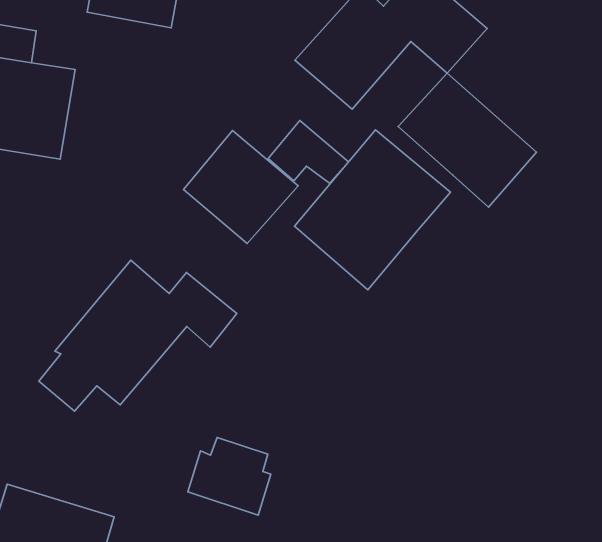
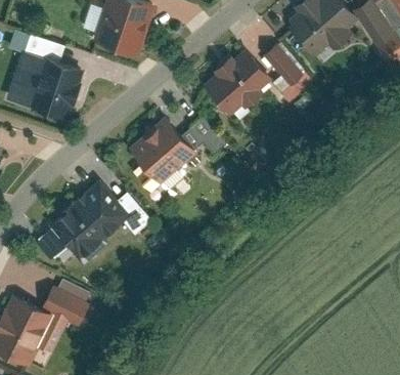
building: [398,73,536,207] -> none
building: [294,130,450,290] -> none
building: [188,437,271,515] -> [42,281,89,327]

